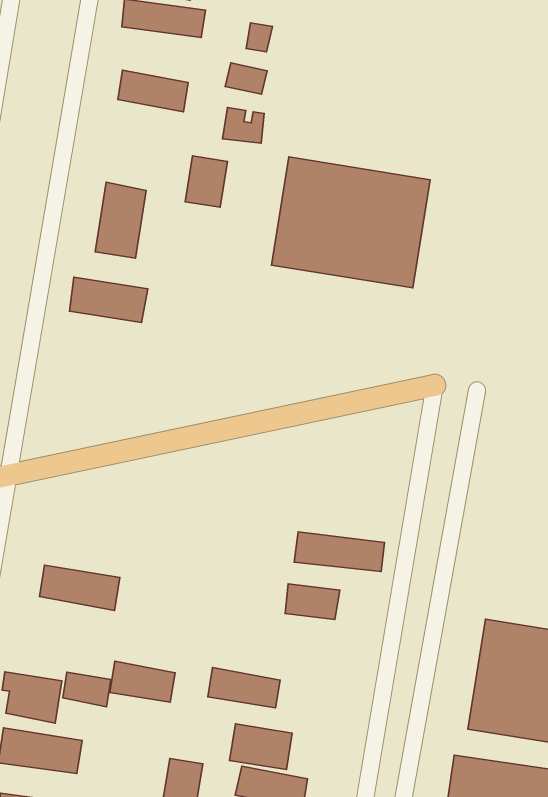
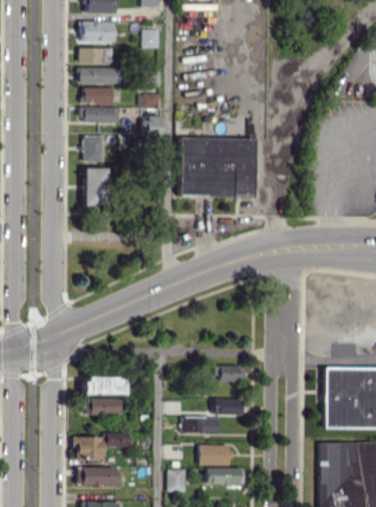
building: none -> [84,87,113,104]
building: [185,156,227,207] -> [83,136,102,161]
building: [69,277,148,323] -> none
building: [294,532,385,571] -> none
building: none -> [214,399,240,415]
building: [110,661,175,702] -> [85,398,118,415]

